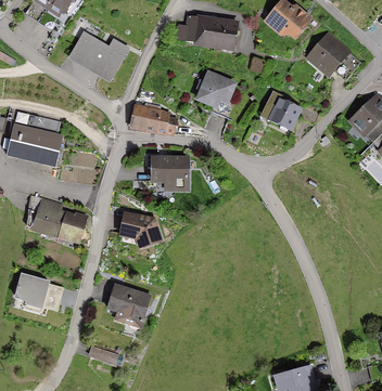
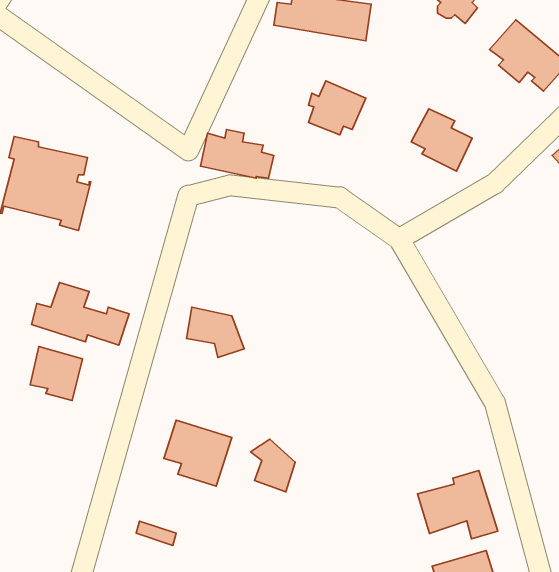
building: [71,32,124,79] -> none
building: [151,159,187,188] -> none
building: [16,273,49,307] -> [30,347,83,401]
building: none -> [251,439,295,492]
building: none -> [418,470,498,539]

